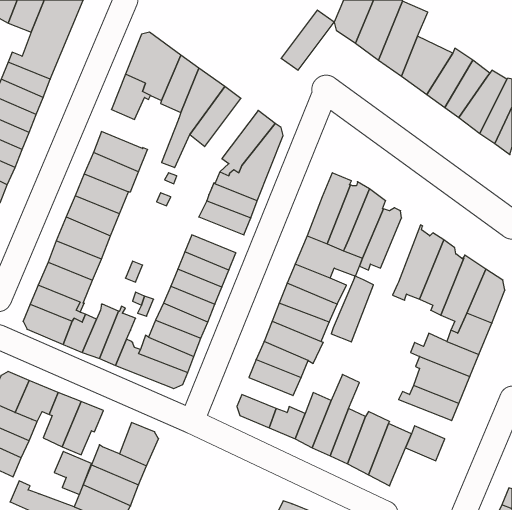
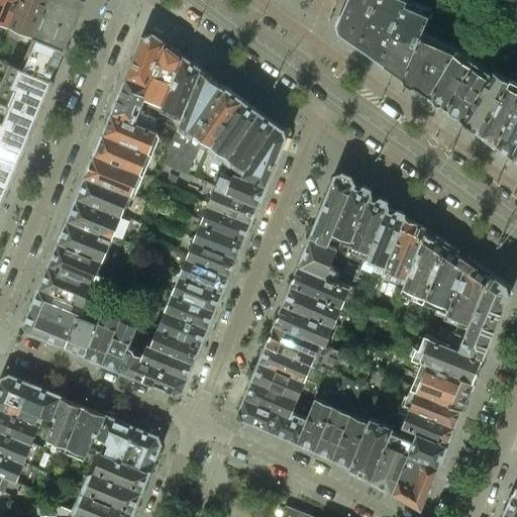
building: [281,10,334,70] -> [206,102,260,163]
building: none -> [102,113,158,153]
building: none -> [193,221,245,257]
building: [331,276,373,342] -> [381,220,423,287]
building: none -> [243,383,295,418]
building: none -> [398,405,454,444]
building: none -> [392,453,438,509]
building: [54,451,91,495] -> [95,416,132,459]

